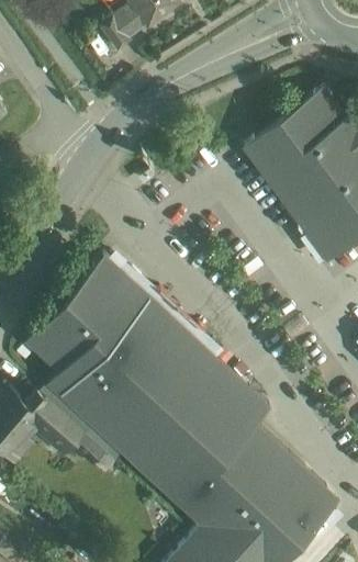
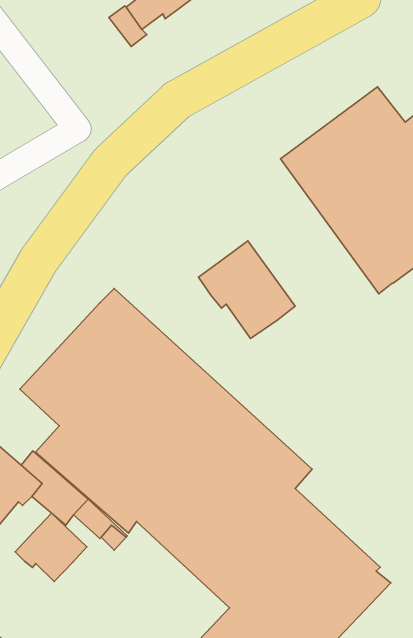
building: none -> [199,241,295,338]
building: none -> [15,513,87,581]

